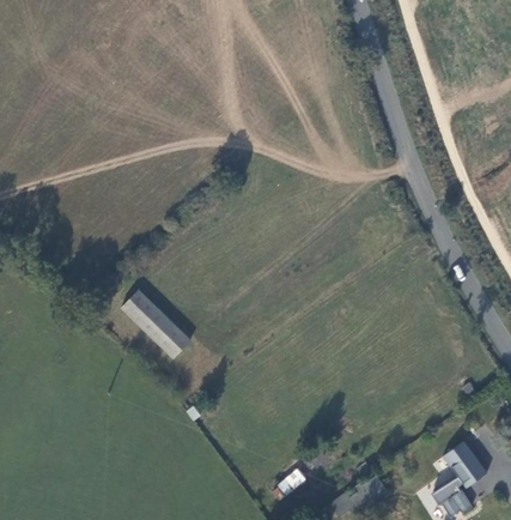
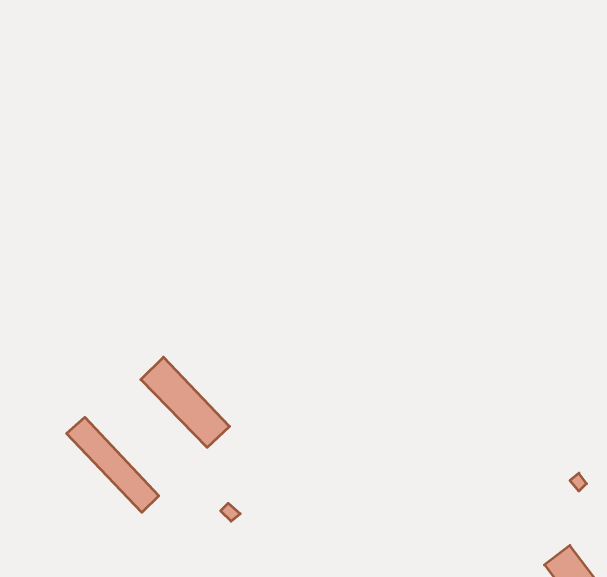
building: none -> [67,417,159,512]

